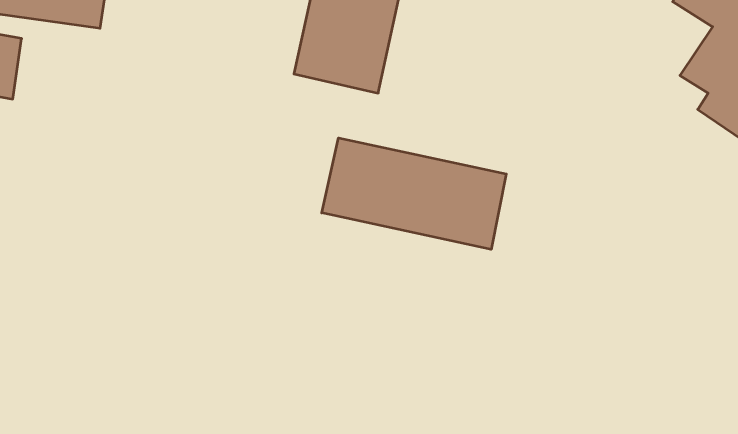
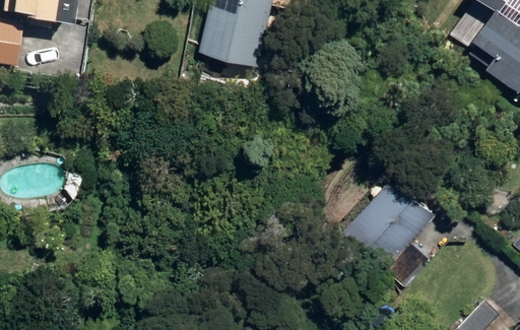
building: [322,138,506,249] -> none
building: none -> [340,174,432,266]

